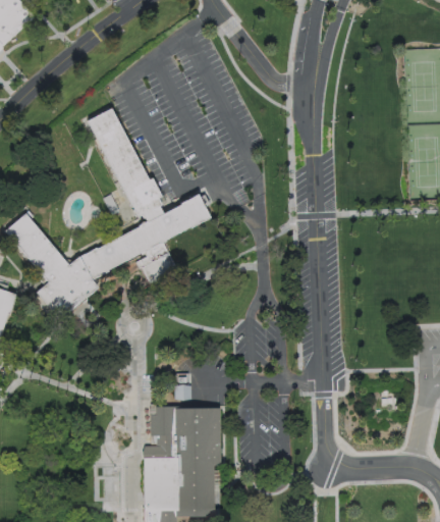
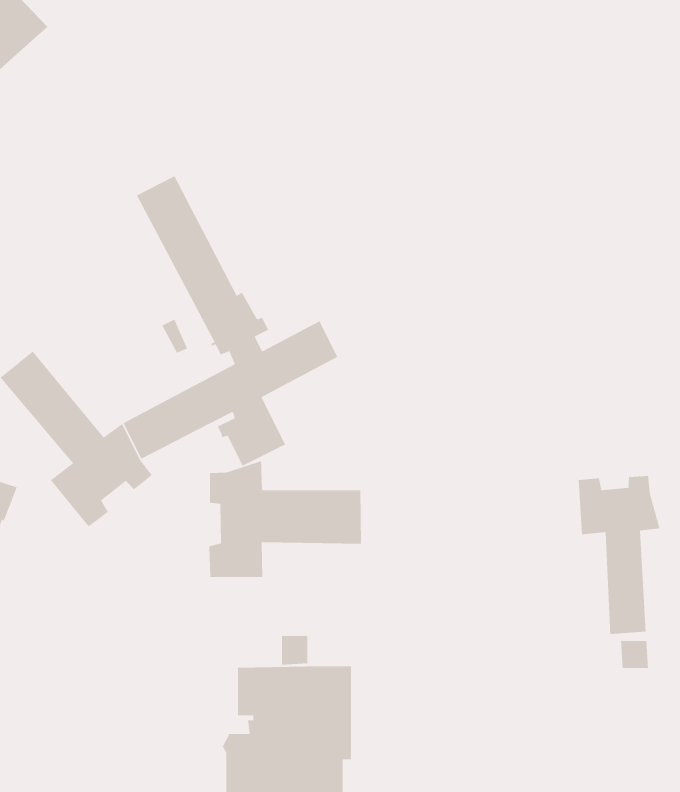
building: none -> [208,460,362,578]
building: none -> [578,475,660,635]

